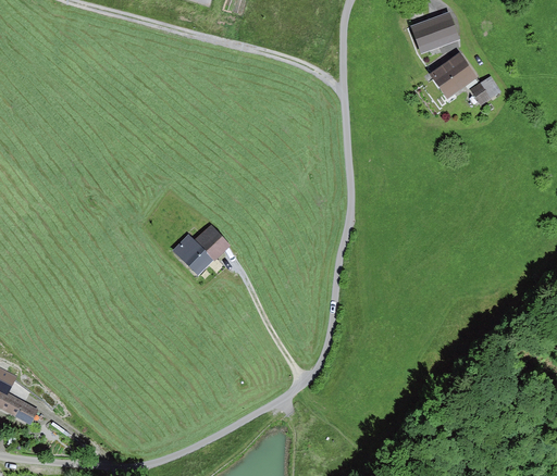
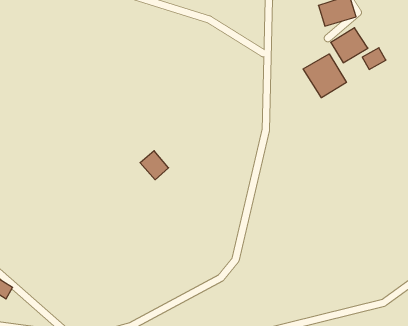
building: none -> [303,54,346,98]
building: [173,235,213,275] -> none

